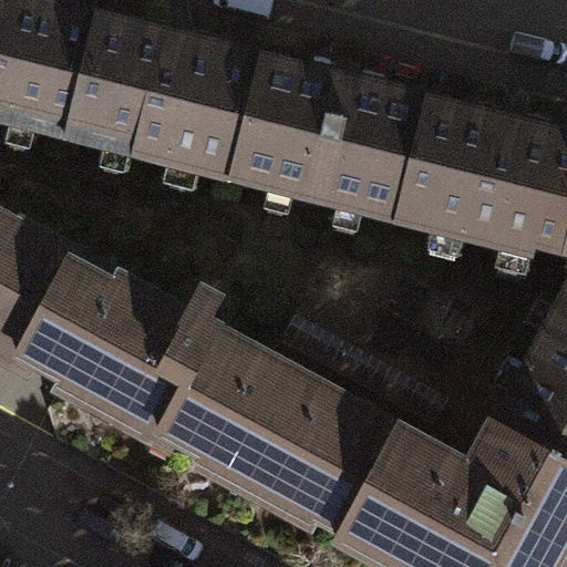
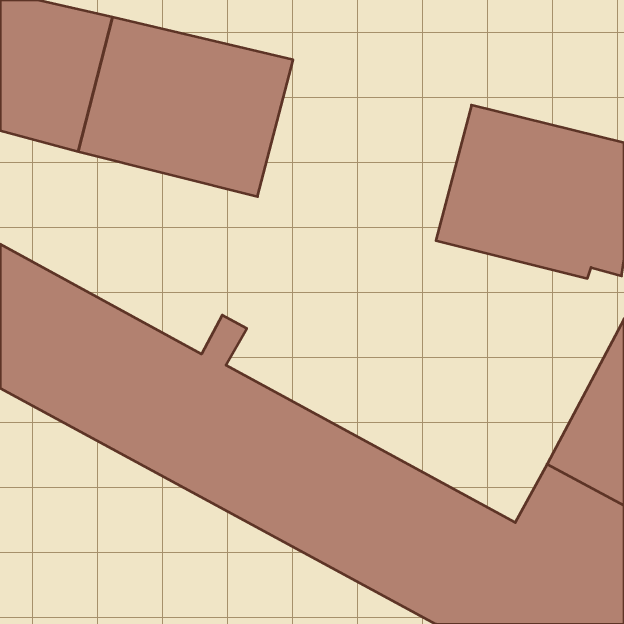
building: [234,54,427,218] -> none

